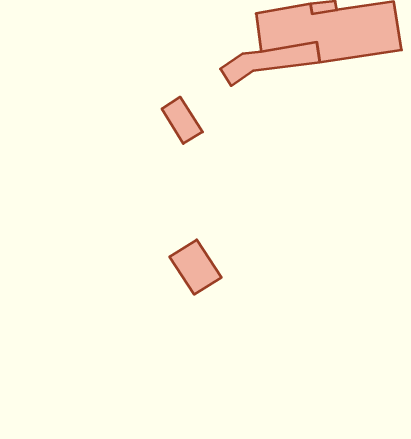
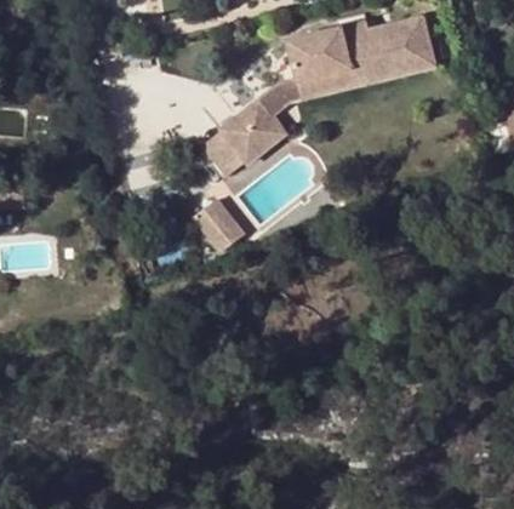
building: none -> [221,99,284,164]
building: [170,240,221,294] -> [192,198,245,252]

